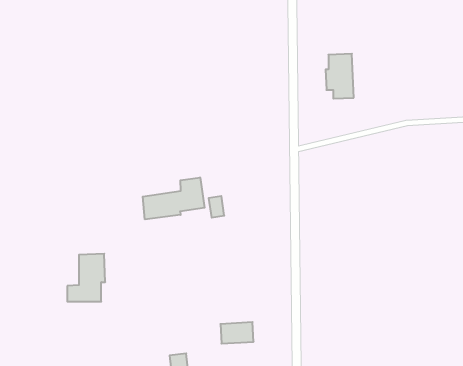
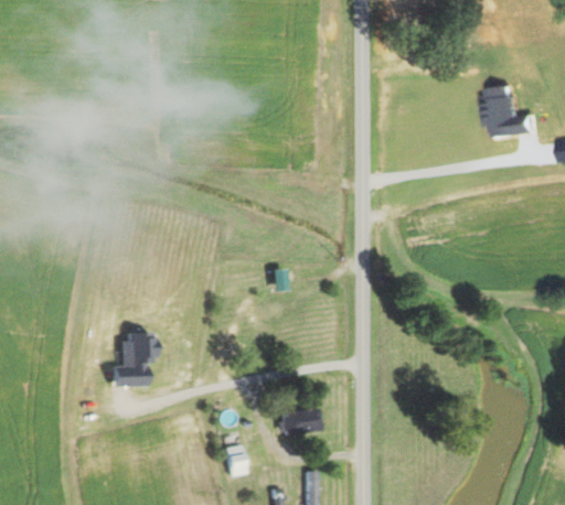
building: [326,54,354,99] -> [484,86,516,137]
building: [143,177,205,219] -> none

